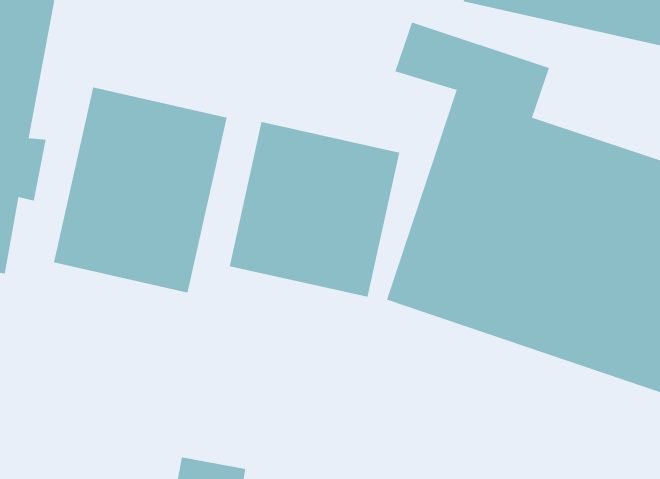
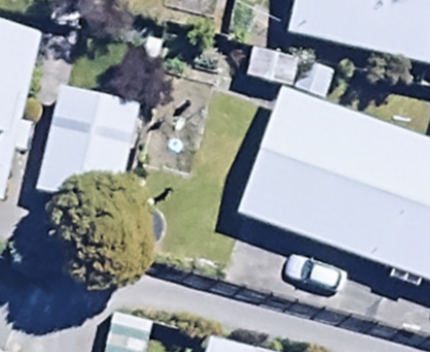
building: [229,121,400,298] -> none

